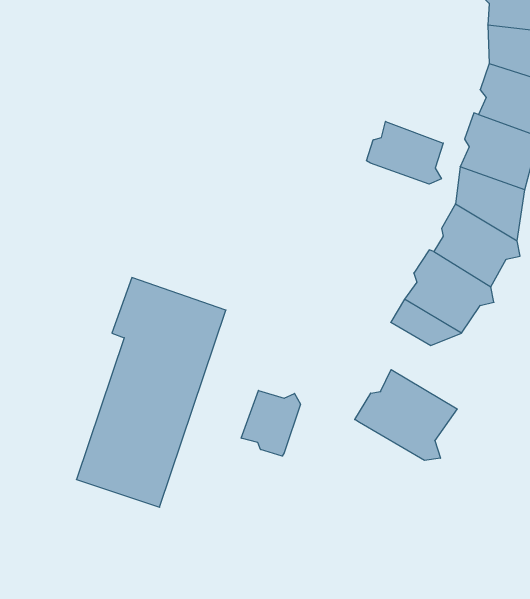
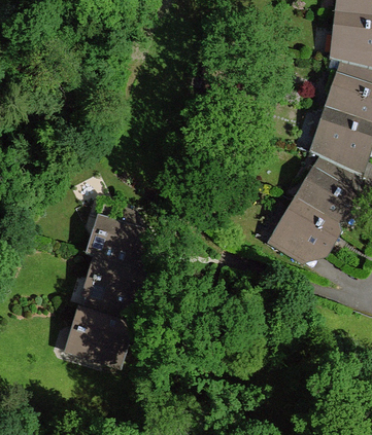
building: [367,121,443,184] -> none
building: [355,370,457,460] -> none
building: [241,390,301,456] -> none

